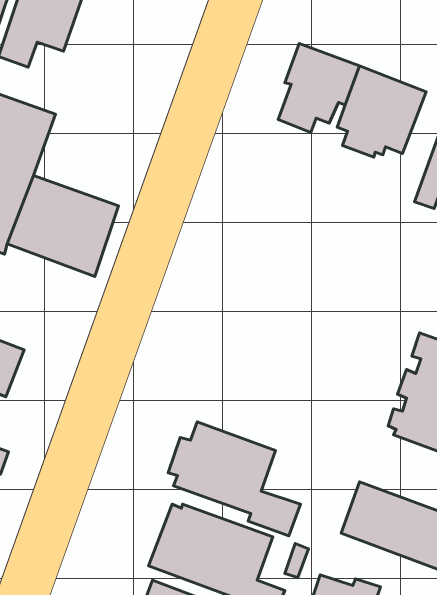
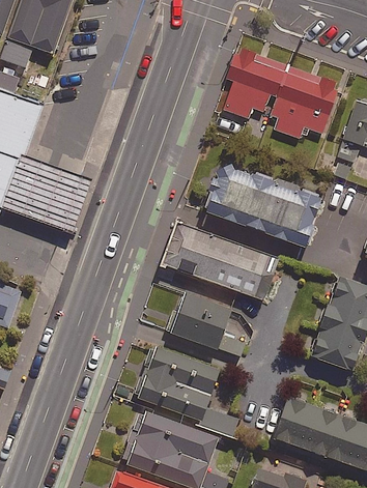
building: none -> [204,163,322,249]
building: none -> [165,224,278,300]
building: none -> [164,295,244,357]

